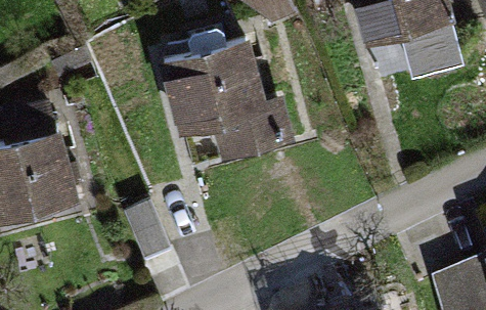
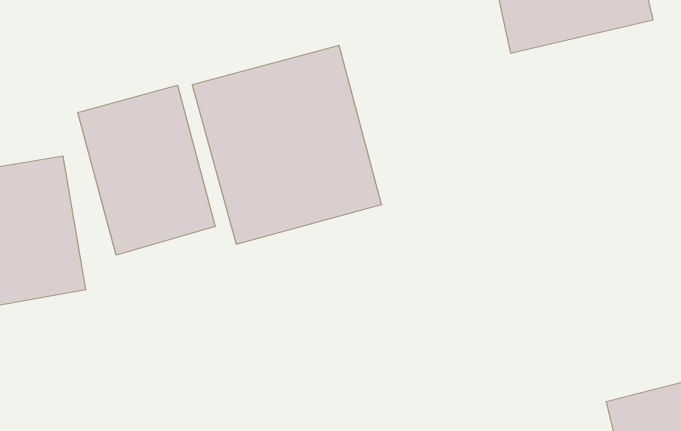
building: none -> [78,85,215,255]

